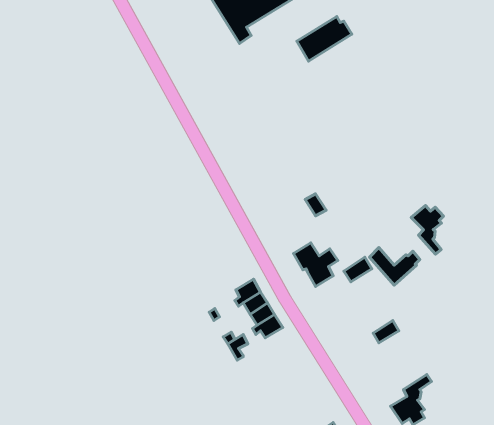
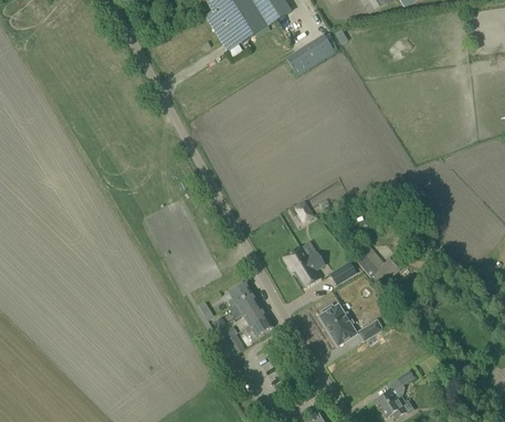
building: [411,205,444,254] -> none
building: none -> [319,304,356,345]

